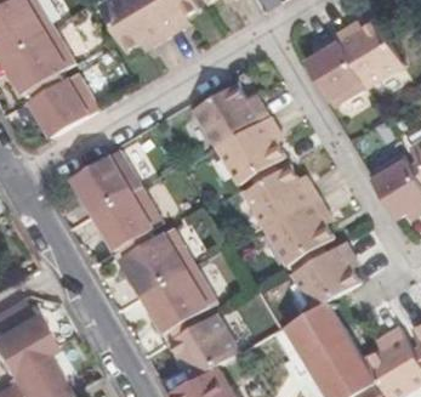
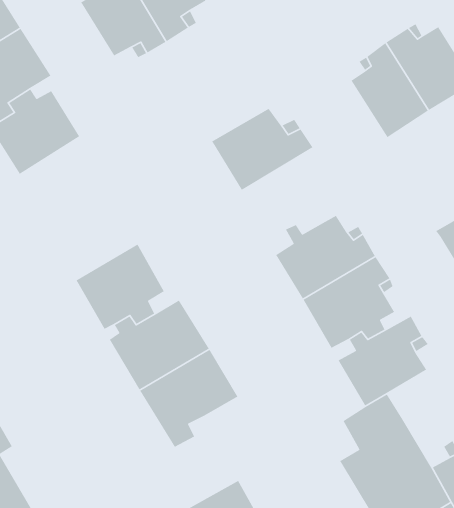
building: [222,114,291,185] -> none
building: [74,152,143,216] -> none
building: [171,316,241,382] -> none

